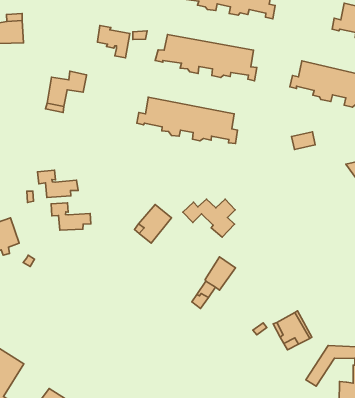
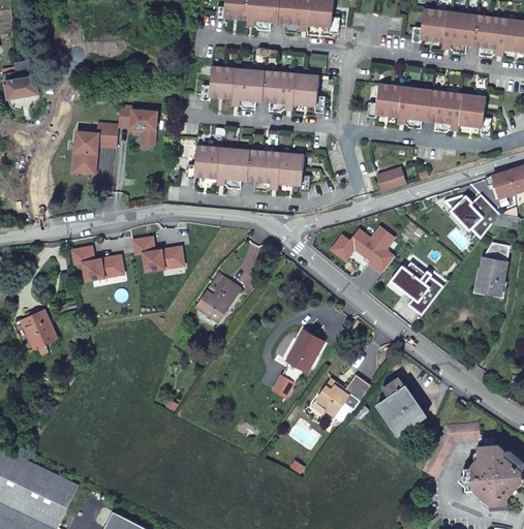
building: [97,25,130,58] -> [119,105,157,142]
building: [183,199,235,237] -> [331,226,395,273]
building: [51,203,91,230] -> [132,236,183,270]
building: none -> [394,260,442,314]
building: none -> [314,374,371,414]

